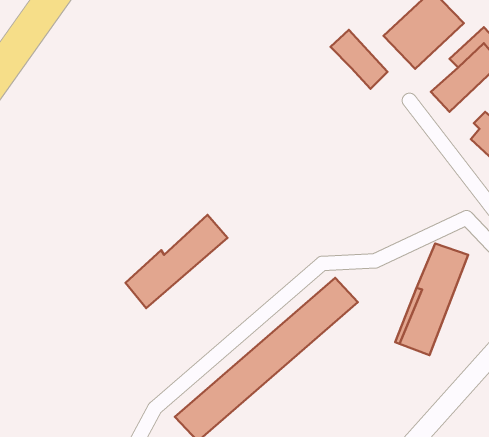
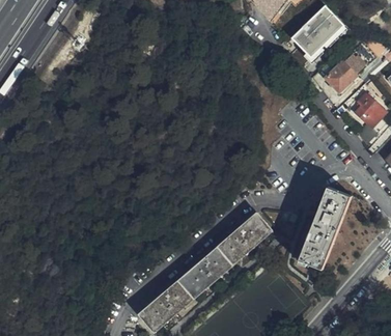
building: [331,30,387,89] -> none
building: [126,215,227,308] -> none

